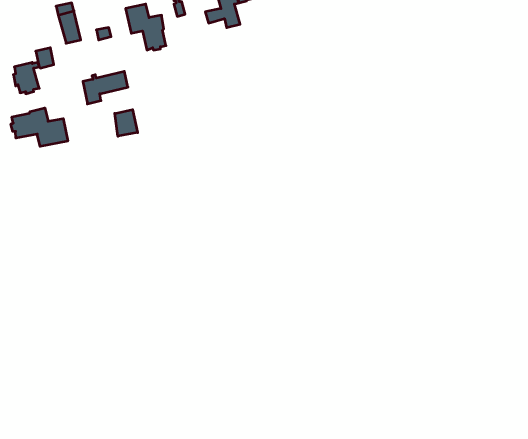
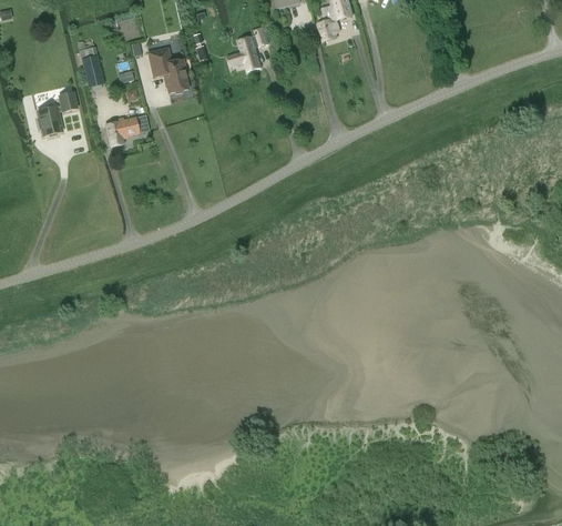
building: [11,108,68,146] -> none
building: [115,110,138,136] -> none

